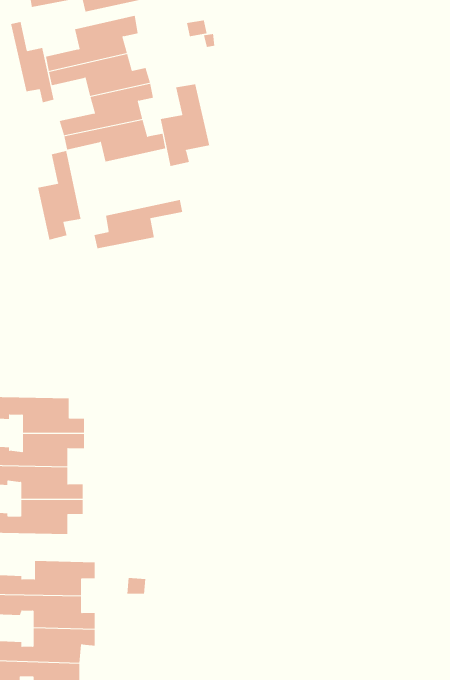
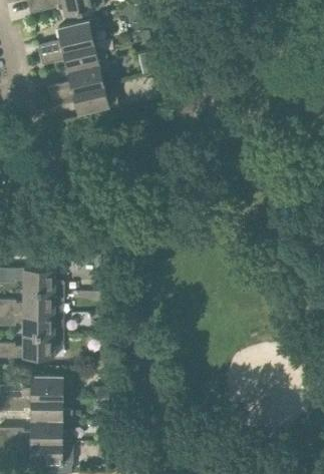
building: [10,21,54,103] -> none
building: [160,84,210,167] -> none
building: [38,150,81,241] -> none
building: [94,199,183,249] -> none

